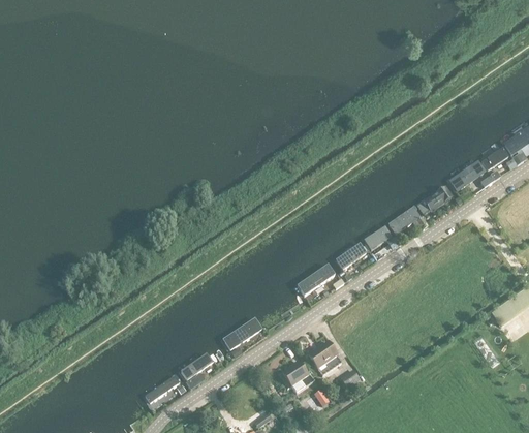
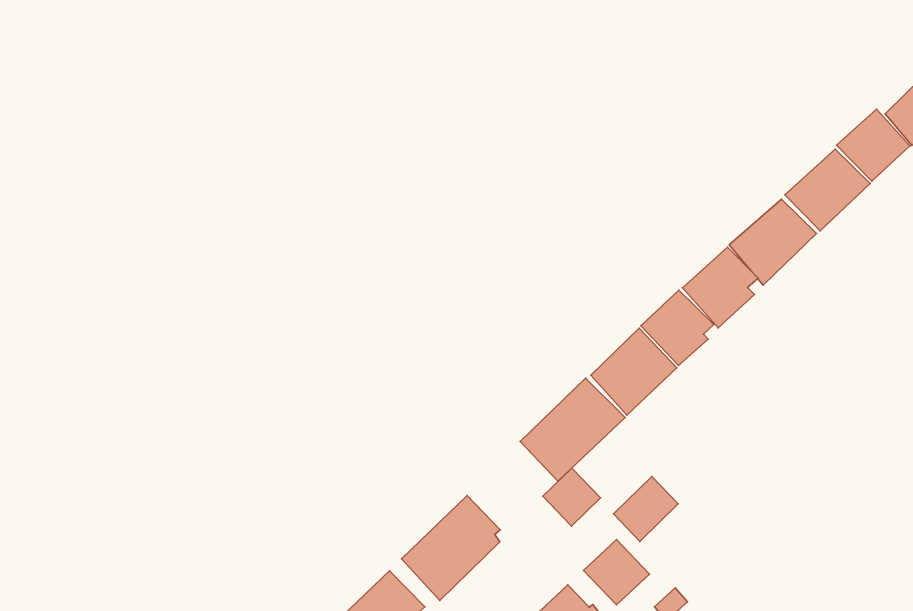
building: none -> [543,468,600,526]
building: none -> [613,476,678,541]

